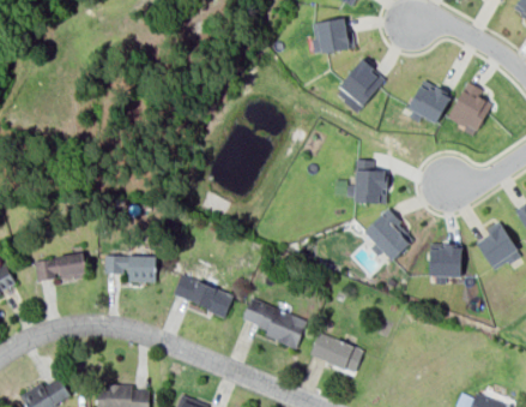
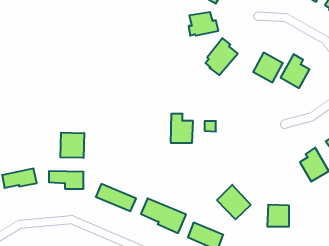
building: [355,160,388,203] -> [171,114,193,143]
building: none -> [60,133,84,158]
building: [364,209,415,261] -> [217,185,251,219]
building: [429,244,461,276] -> [267,205,289,227]

